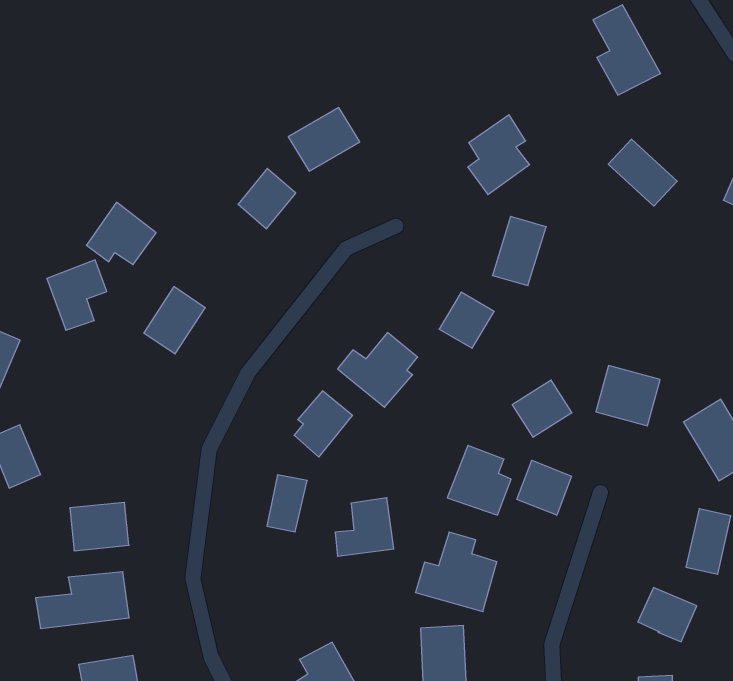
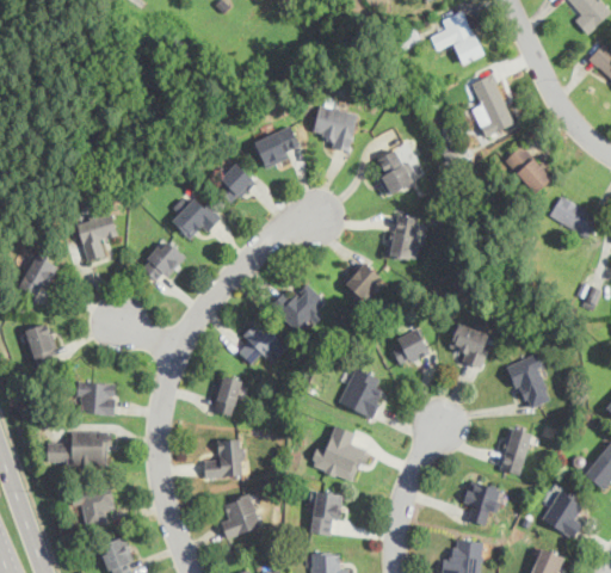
building: none -> [314,104,357,150]
building: [608,139,677,206] -> [505,146,551,193]
building: [86,202,156,265] -> [172,193,221,238]
building: [517,460,572,515] -> none
building: [335,498,394,556] -> [204,439,243,476]

